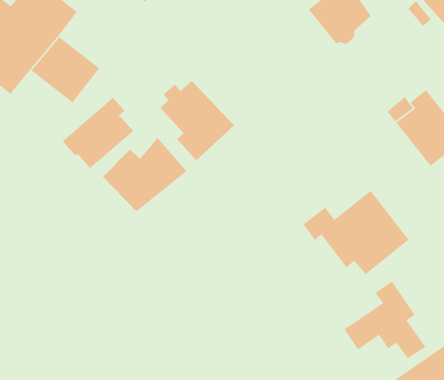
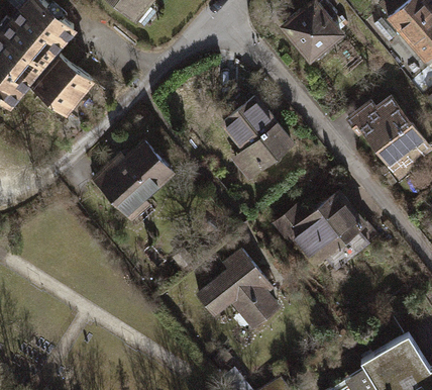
building: [160,80,235,161] -> [223,100,292,174]
building: [62,96,134,169] -> none
building: [343,281,426,359] -> [200,253,276,324]

